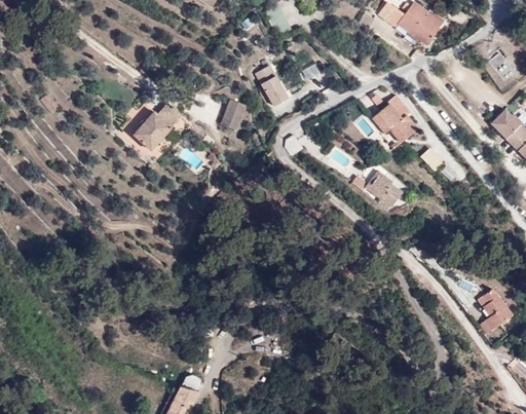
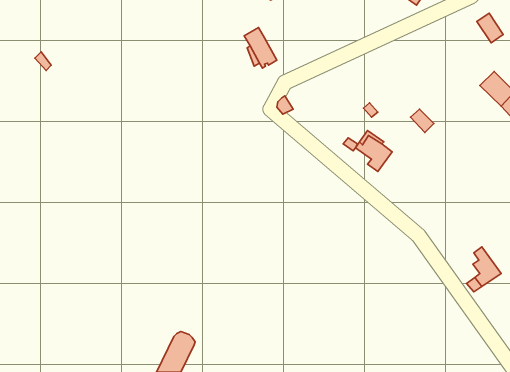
building: [372,95,417,141] -> none
building: [221,99,246,129] -> none
building: [134,103,180,148] -> none

